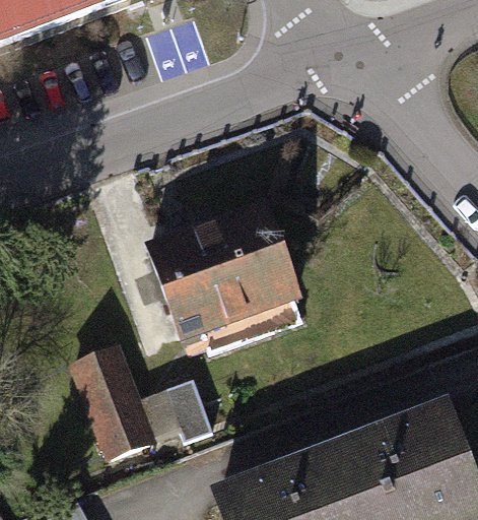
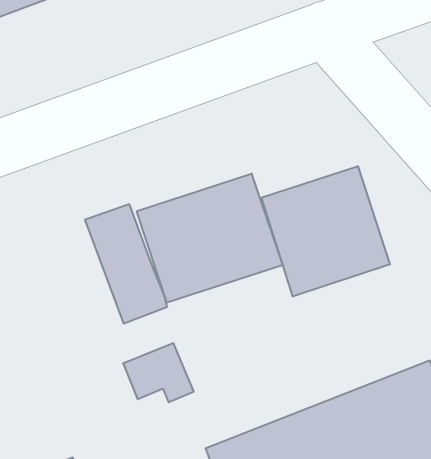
building: none -> [261,166,390,297]
building: [67,346,153,471] -> [85,204,167,323]

